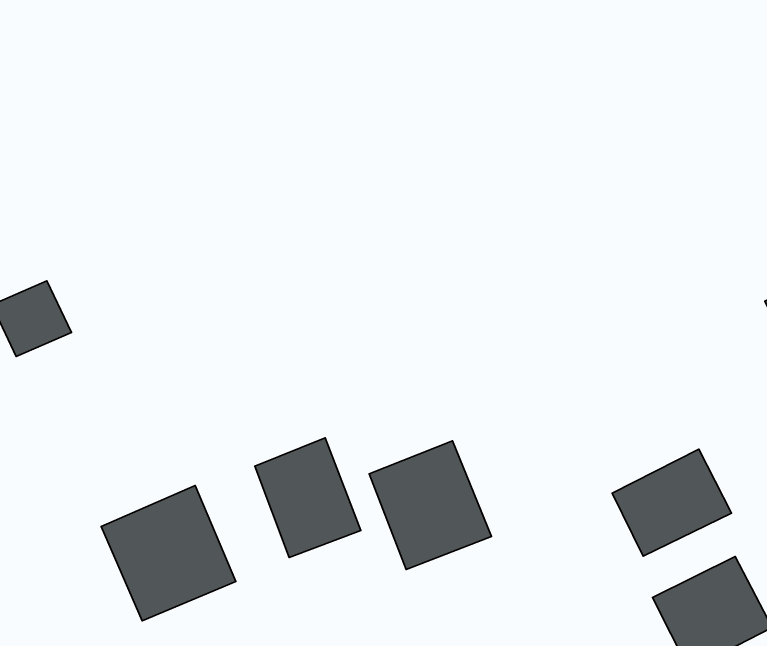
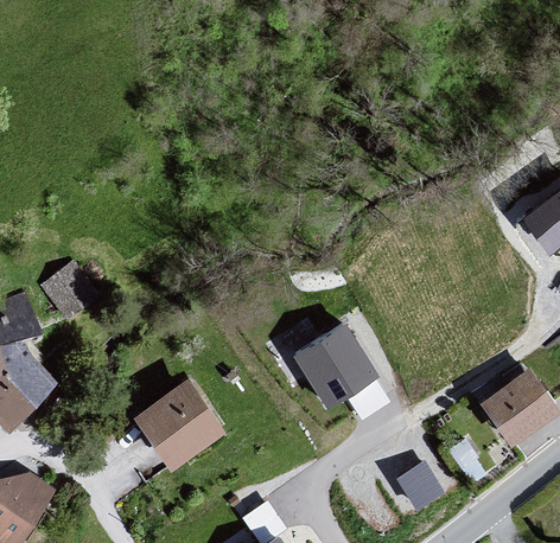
building: [255,438,361,557] -> none
building: [612,449,732,556] -> none

